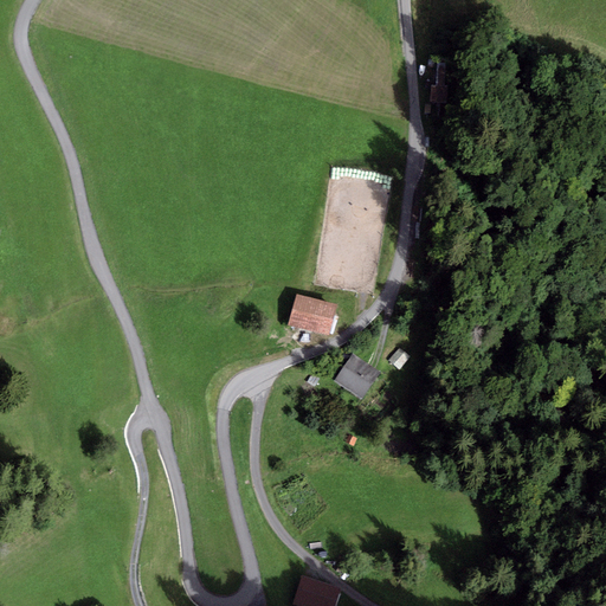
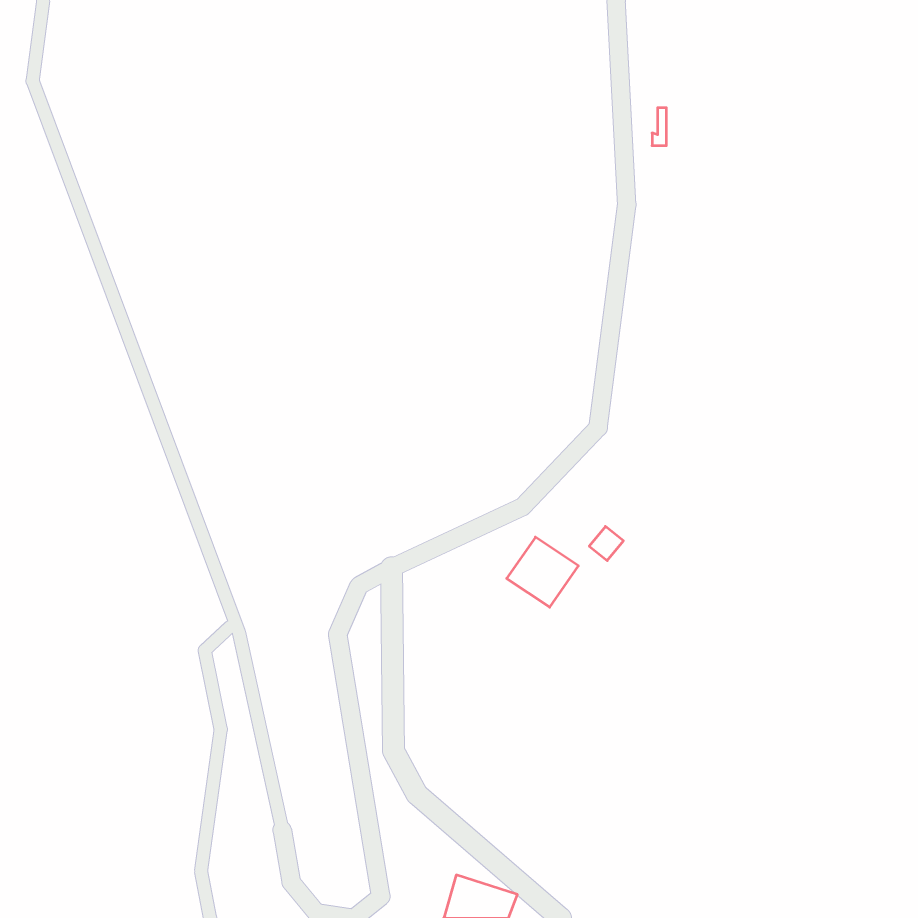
building: [289,294,337,336] -> none

